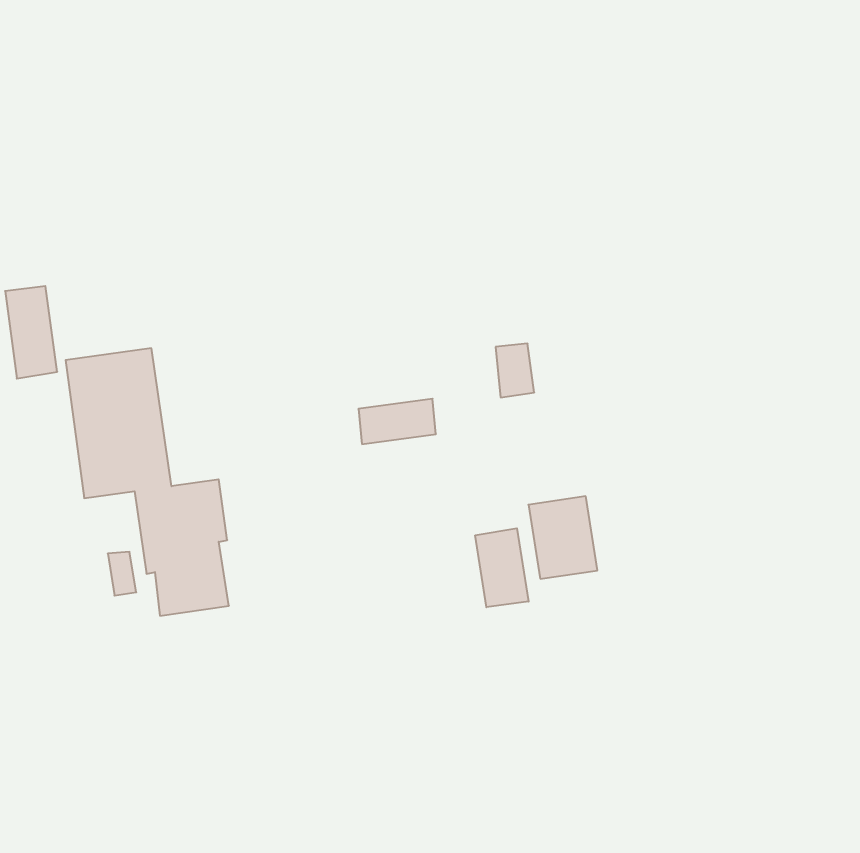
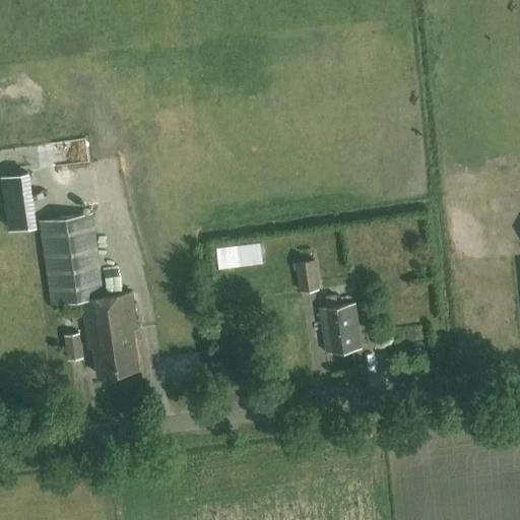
building: [496,344,534,397] -> [296,261,319,294]
building: [475,528,529,607] -> none

